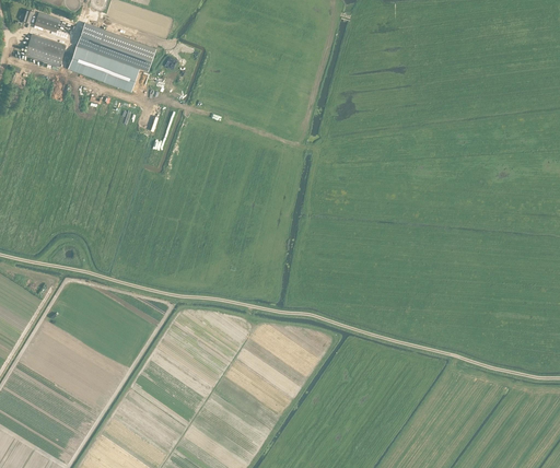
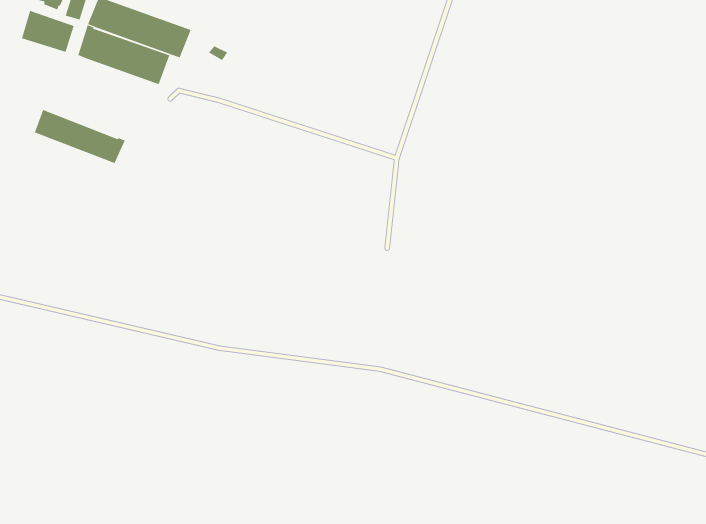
building: none -> [34,109,126,164]

